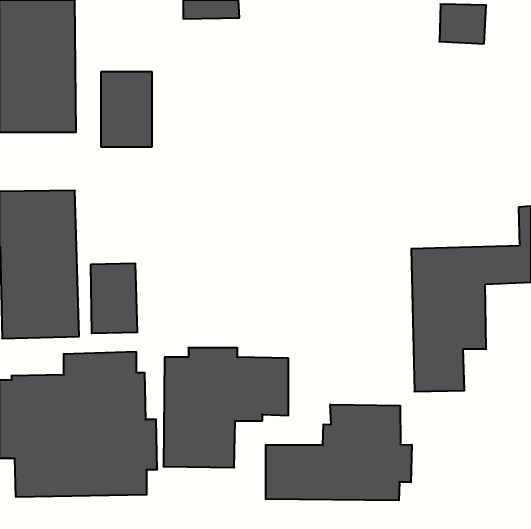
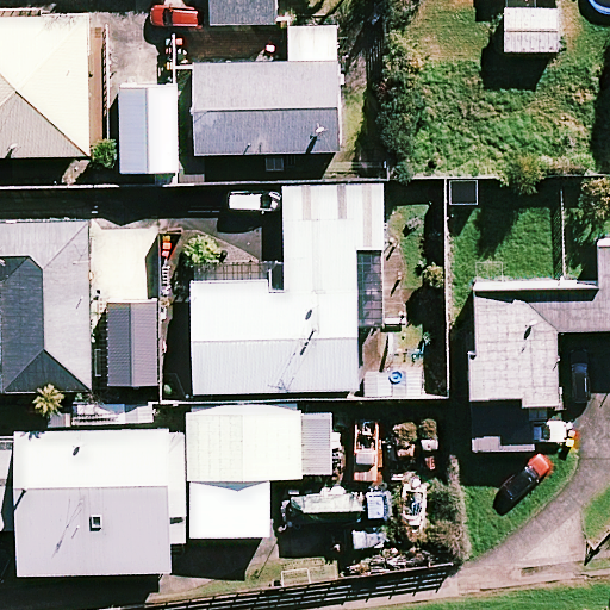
building: none -> [197,27,337,154]
building: none -> [192,187,382,391]
building: [266,404,412,500] -> none

